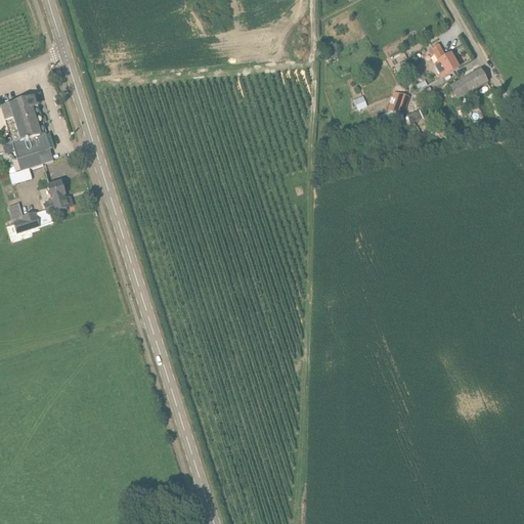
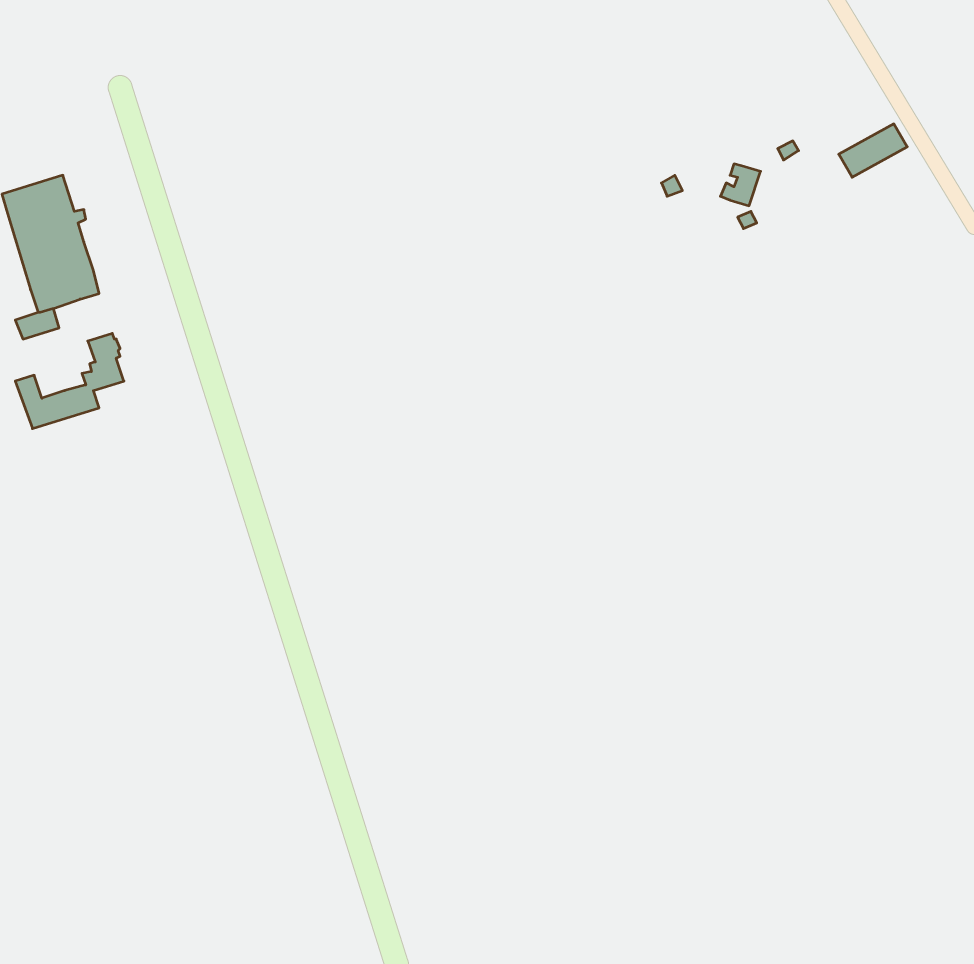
building: [428,41,458,74] -> none

